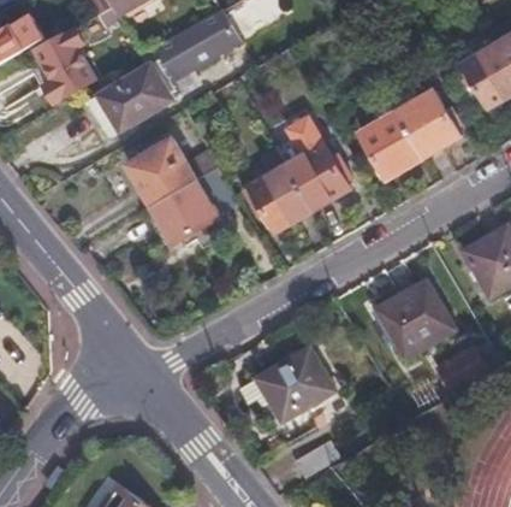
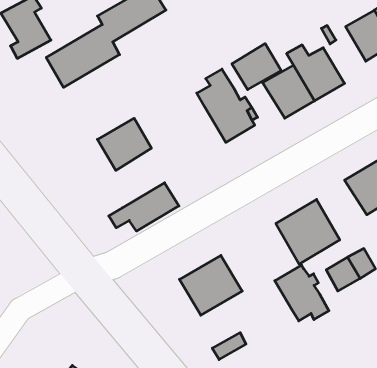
building: none -> [232,44,281,90]
building: [127,138,197,205] -> none
building: [249,164,311,230] -> none
building: none -> [109,183,179,231]
building: none -> [275,265,329,321]

